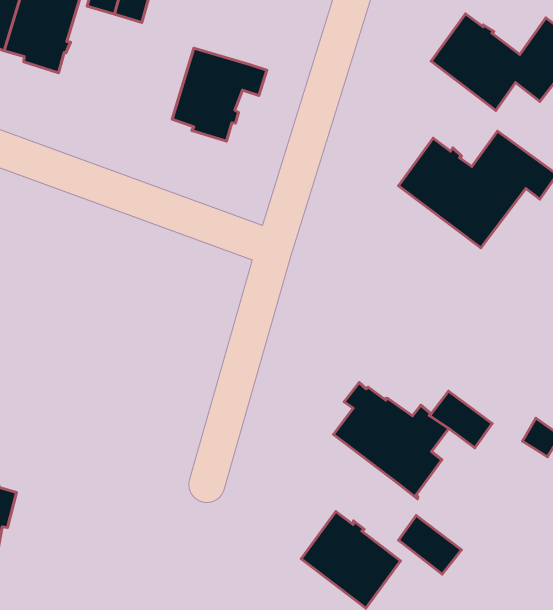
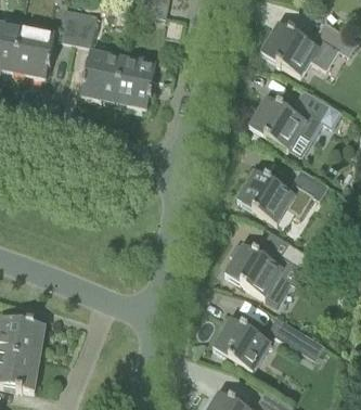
building: none -> [80,50,123,100]
building: none -> [236,167,328,223]

